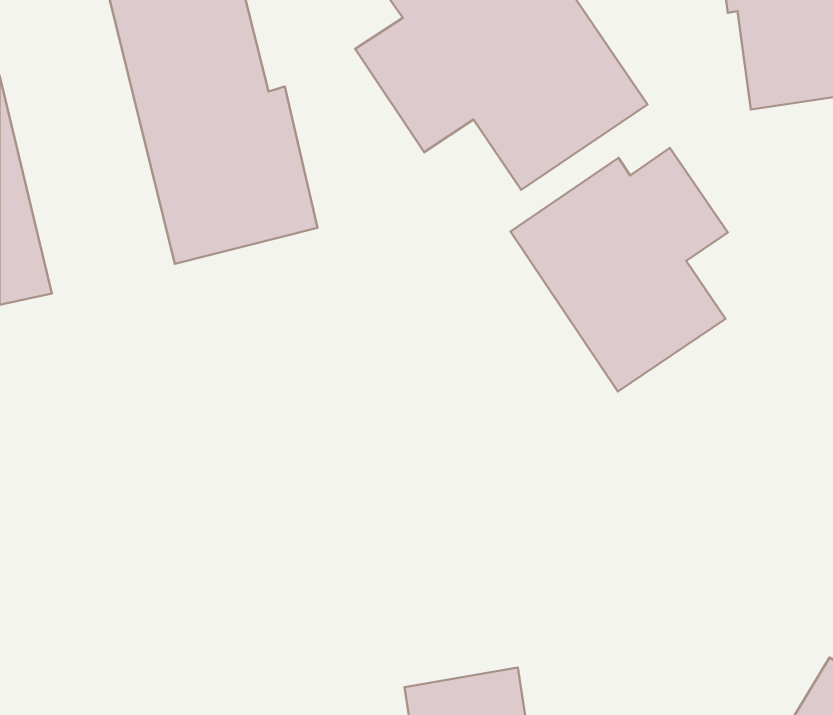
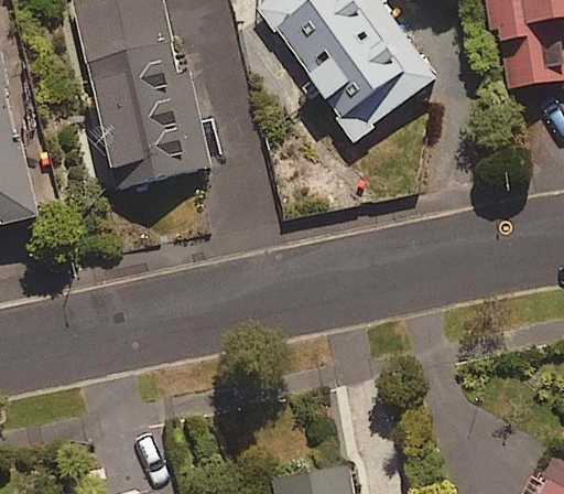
building: [510,148,728,391] -> none

